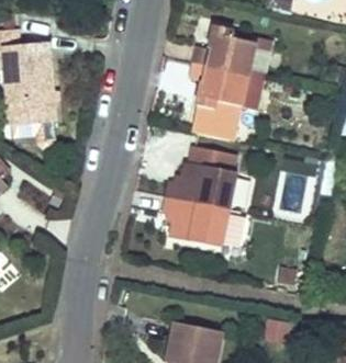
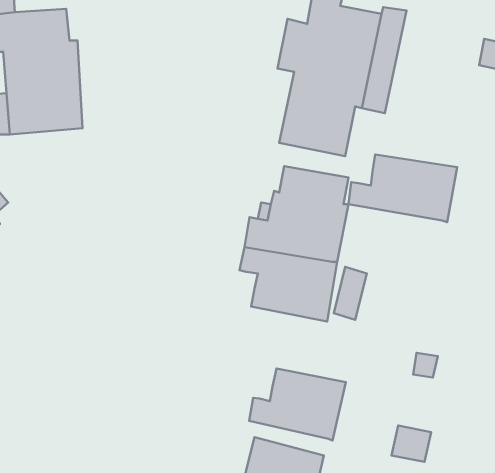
building: none -> [349,155,457,222]
building: none -> [249,368,346,441]

